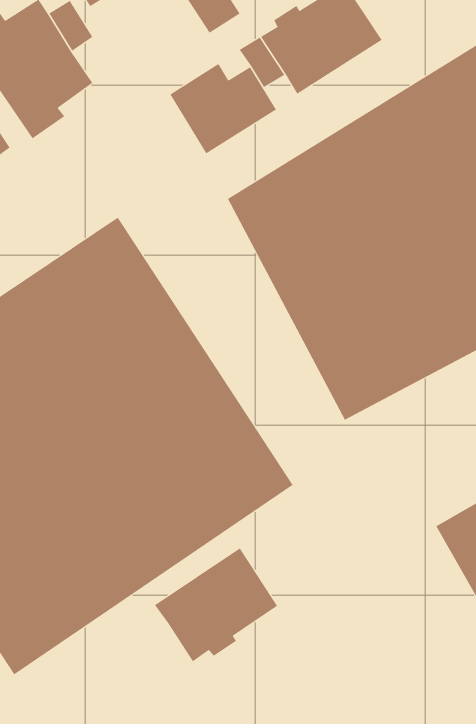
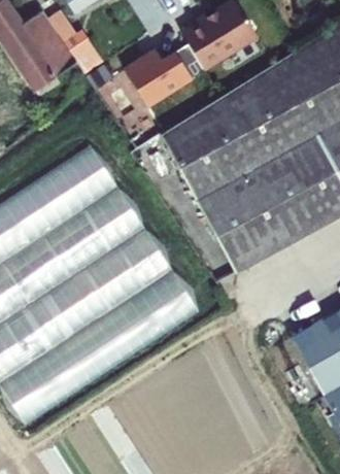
building: none -> [63,29,102,72]
building: [154,547,278,662] -> none

